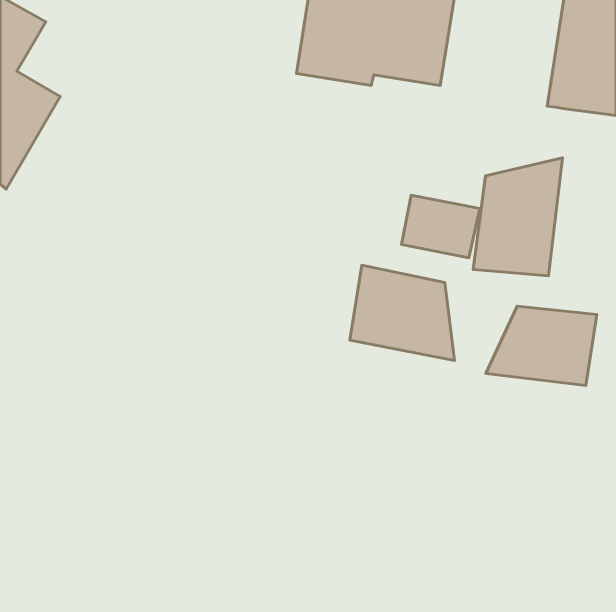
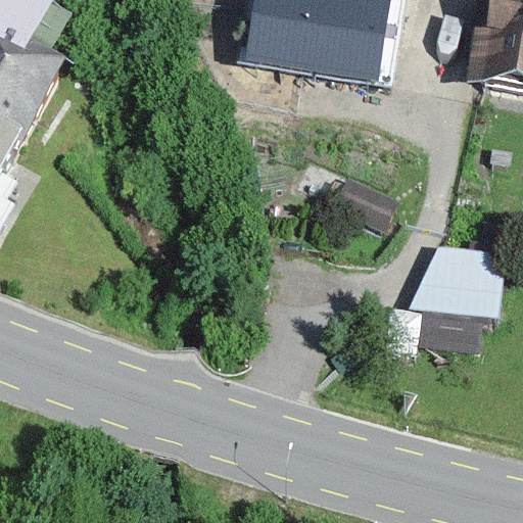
building: [473,158,563,276] -> none
building: [350,265,454,361] -> none

